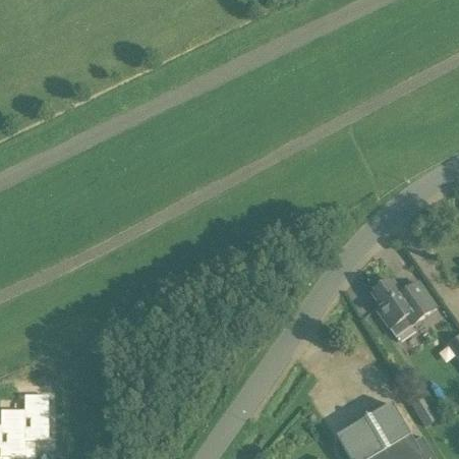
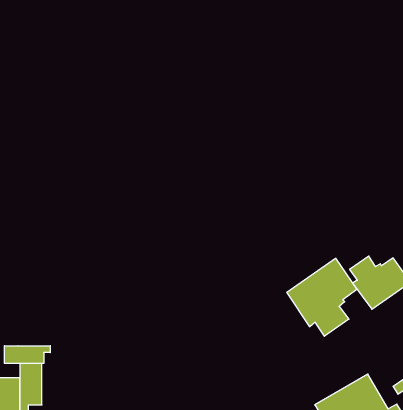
building: none -> [287,258,357,336]
building: none -> [4,346,50,363]

